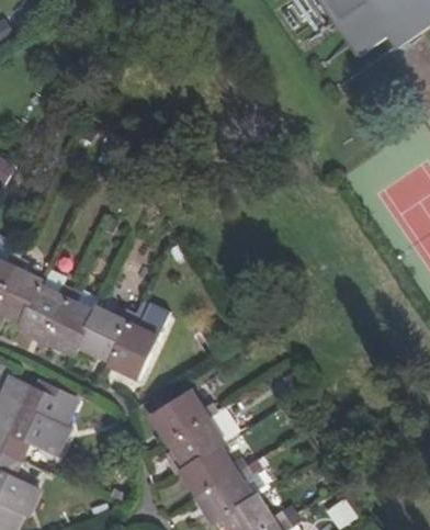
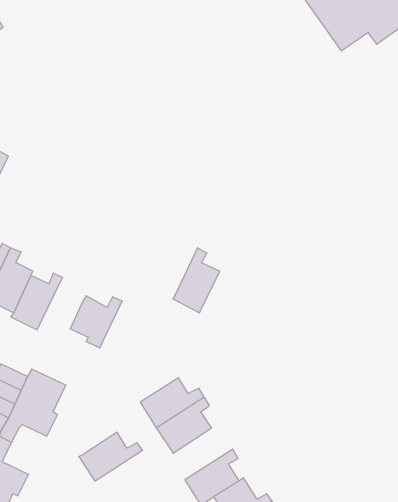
building: [45,289,92,354] -> none
building: [107,313,156,380] -> [173,248,220,313]
building: [181,447,247,497] -> [79,432,143,481]

